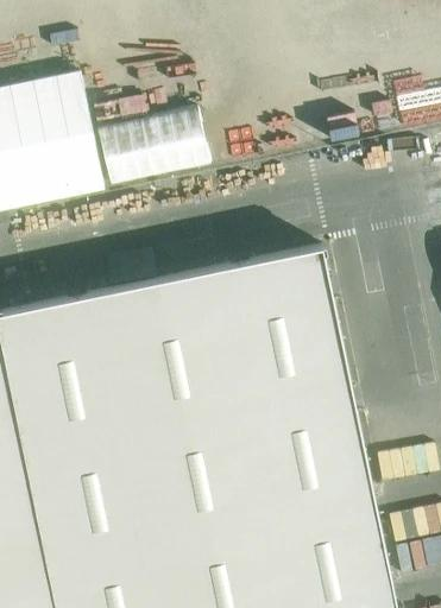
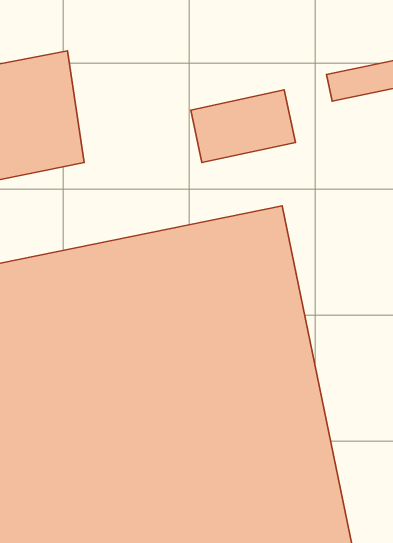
building: [101,104,213,182] -> [191,90,295,162]

